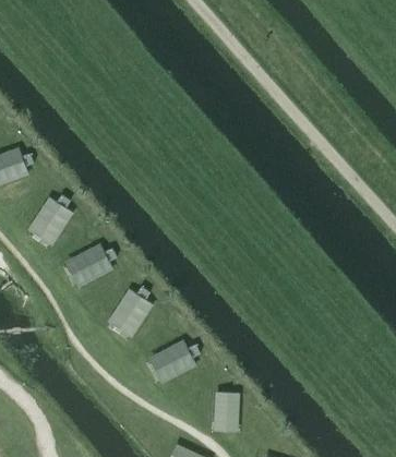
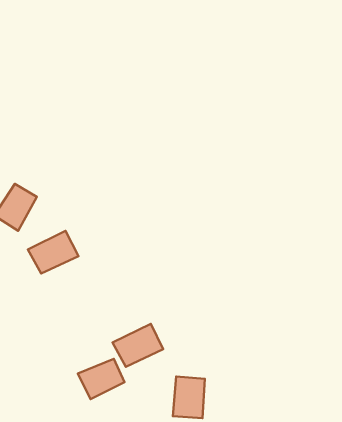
building: [109,291,153,337] -> none
building: none -> [78,359,125,399]

